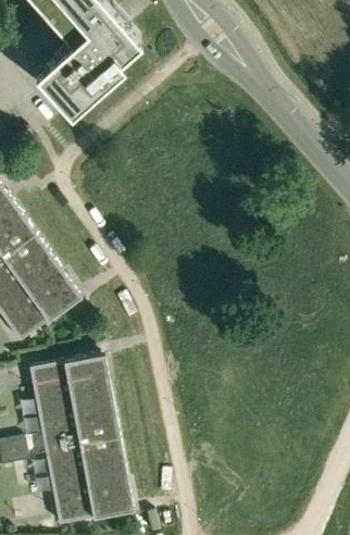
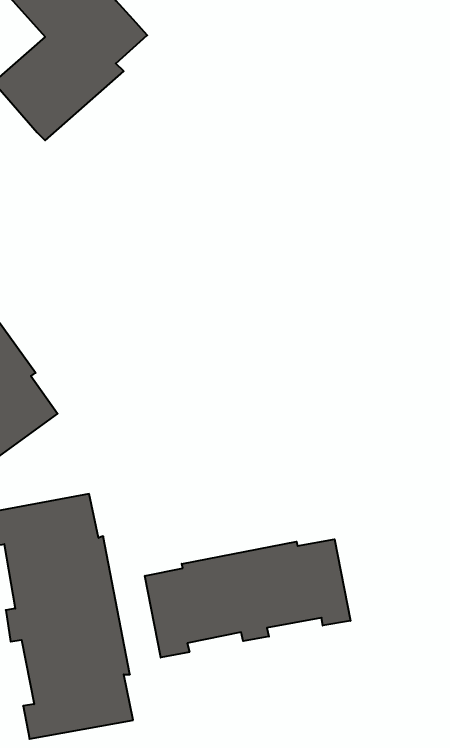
building: none -> [145,539,350,658]

